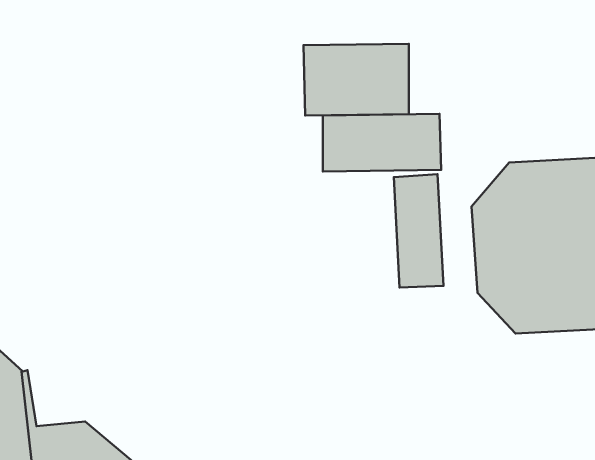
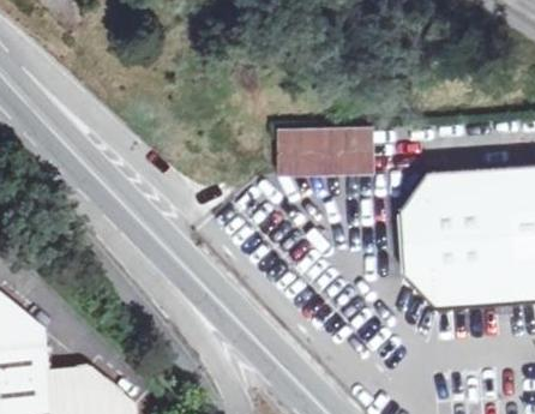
building: [304,44,409,116] -> none
building: [394,174,444,288] -> none

